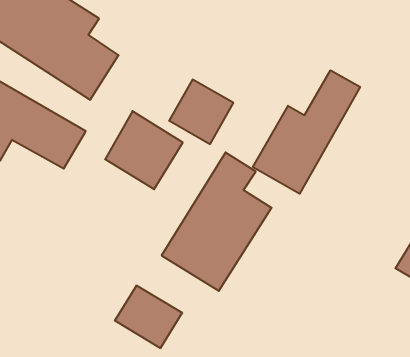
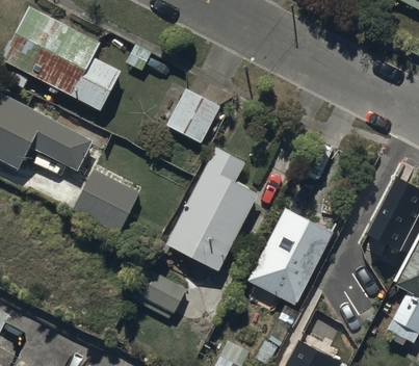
building: [253,70,360,194] -> none
building: [105,111,183,189] -> [75,167,140,233]
building: none -> [247,207,334,305]

